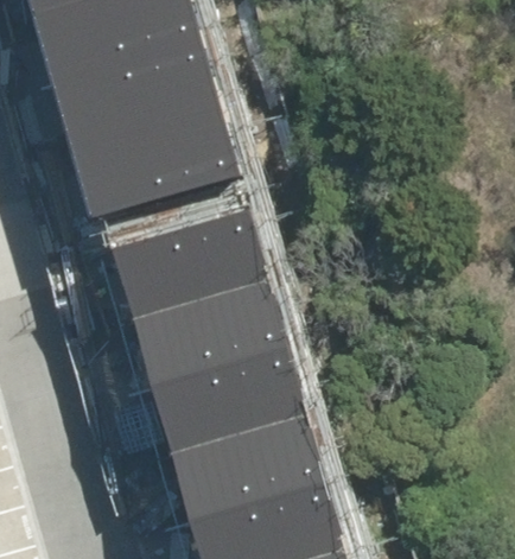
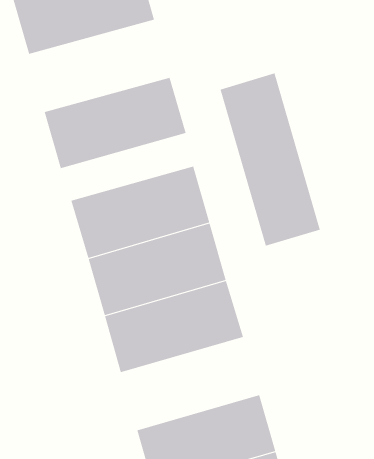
building: [62,42,227,148] -> none
building: none -> [220,72,321,247]
building: [169,411,331,519] -> none

